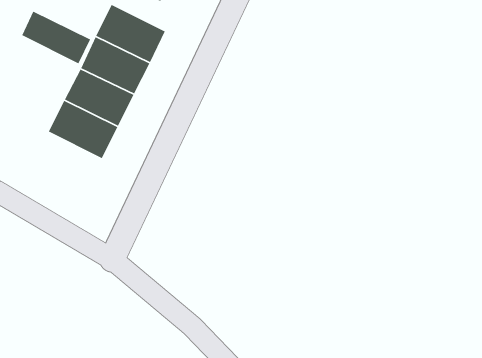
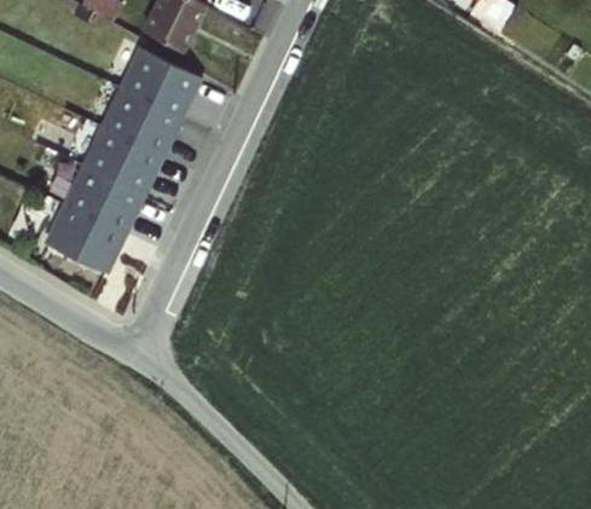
building: [21,10,91,65] -> none
building: none -> [41,202,124,273]

